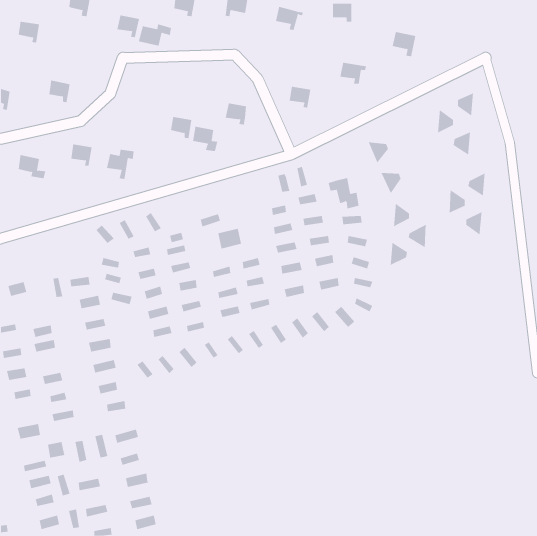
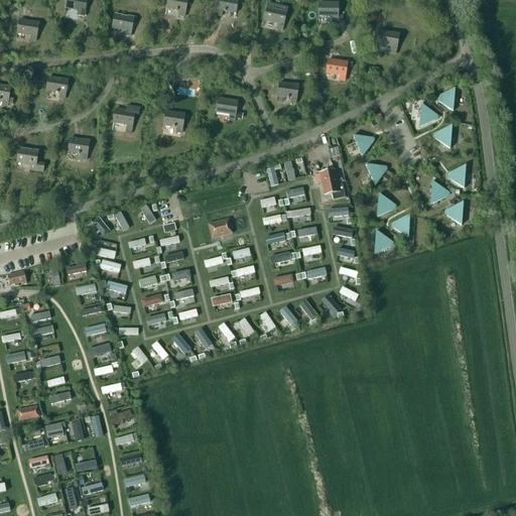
building: [138,23,172,46] -> none
building: [192,126,218,152] -> none
building: [106,149,135,180] -> [113,105,140,134]

